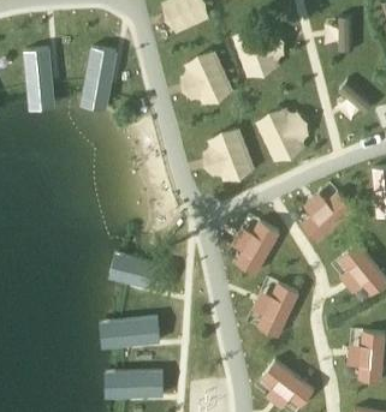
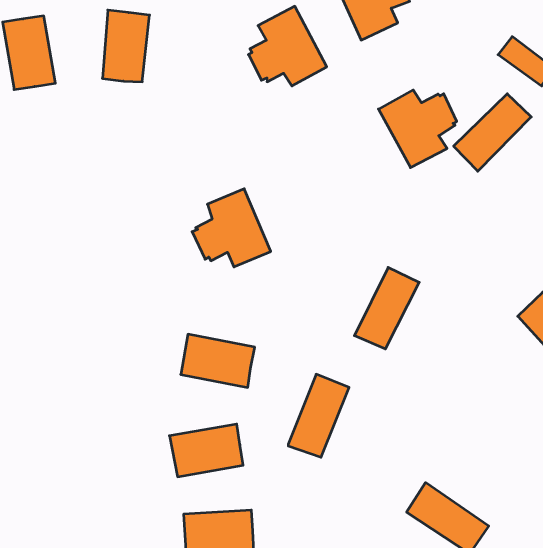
building: [201,130,250,179] -> [192,189,271,267]
building: [302,192,352,240] -> [454,94,531,171]
building: [257,282,298,335] -> [288,374,349,457]

